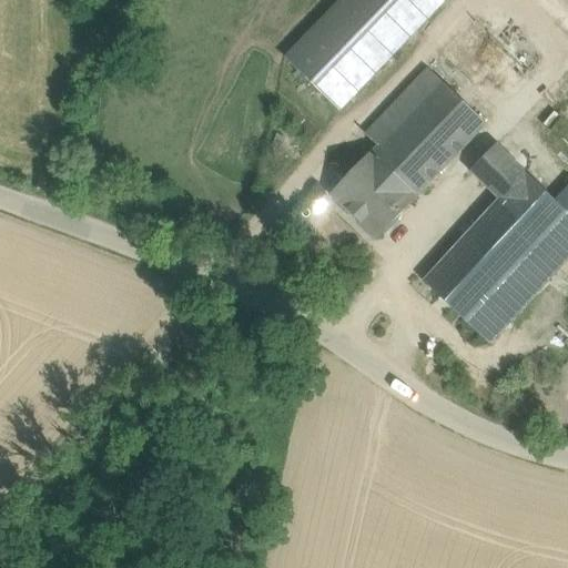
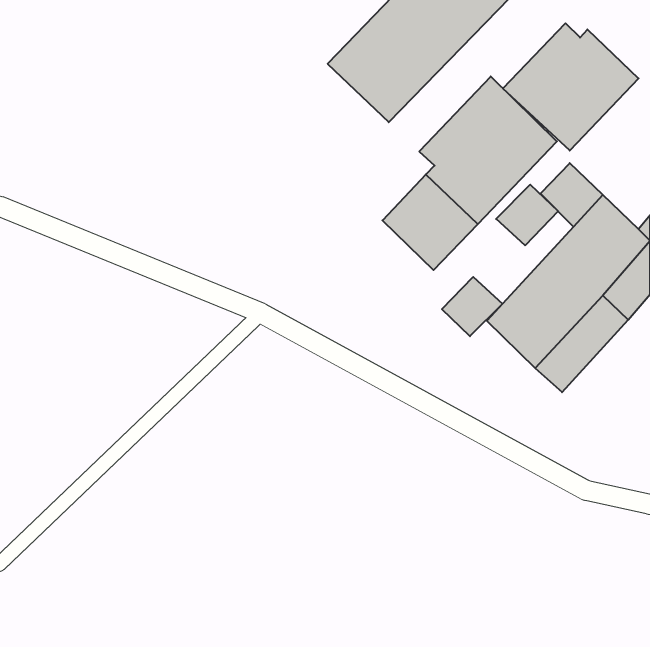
building: none -> [503,23,639,151]
building: none -> [496,185,558,245]
building: none -> [442,277,502,336]

